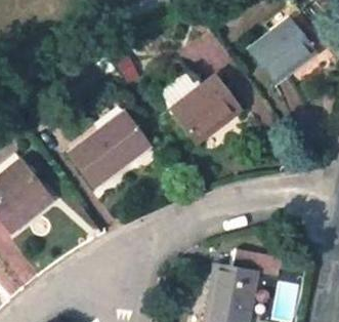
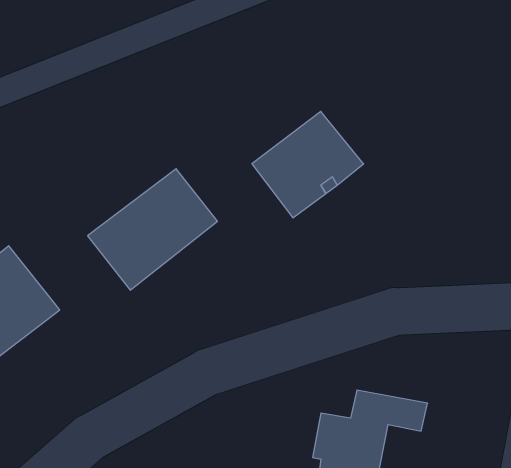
building: [250,18,315,84] -> none

